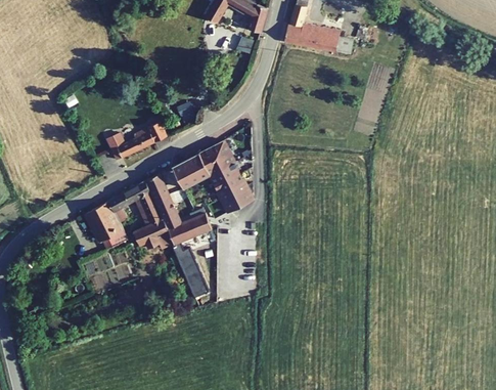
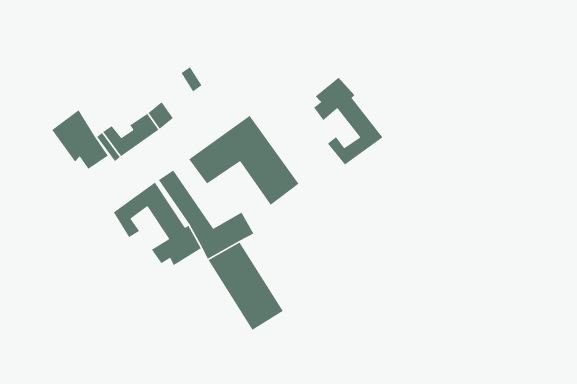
building: none -> [313,77,384,165]
building: [85,200,126,247] -> [51,109,109,170]

